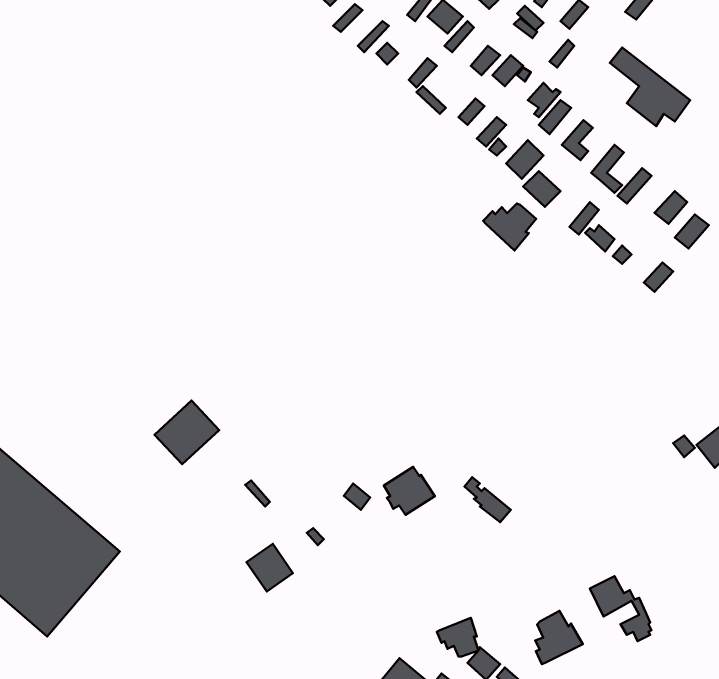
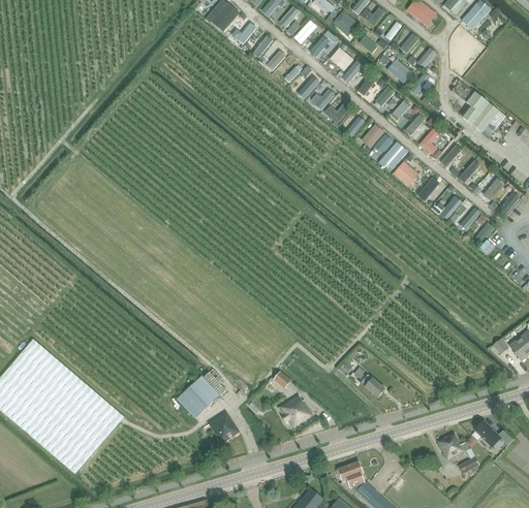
building: [483,203,536,250] -> none
building: [154,401,219,464] -> [177,375,220,417]
building: [384,467,435,515] -> [279,394,313,426]
building: none -> [475,420,512,447]
building: [535,611,583,664] -> none

